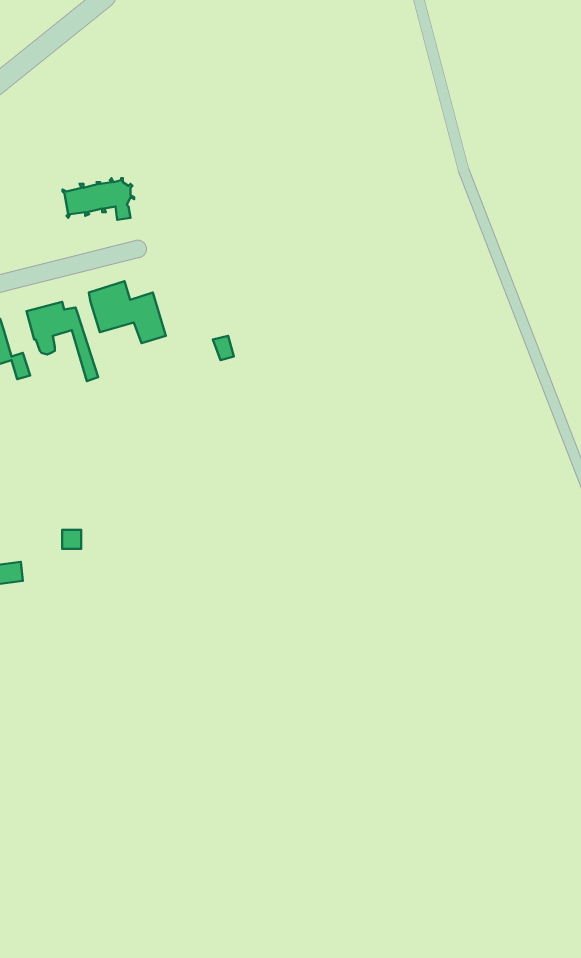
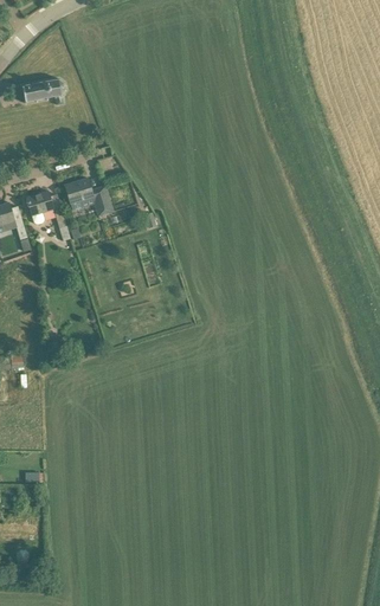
building: [63,178,134,220] -> [20,78,65,104]

